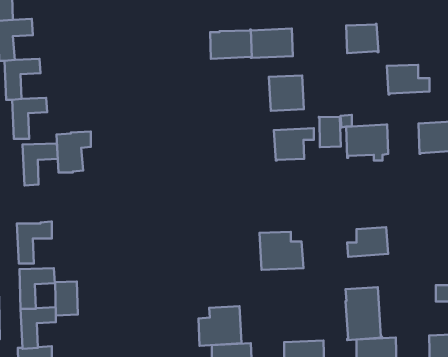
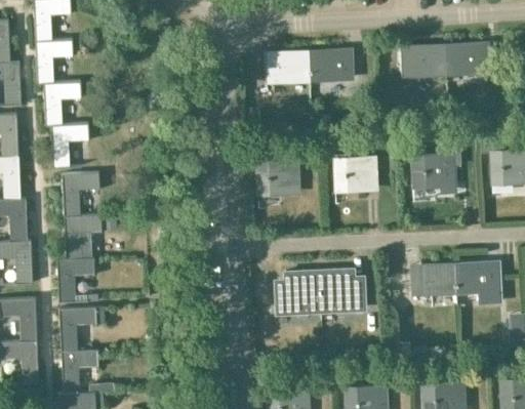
building: [387,65,430,94] -> [444,43,490,75]
building: [269,75,304,111] -> none
building: [319,117,341,147] -> none
building: none -> [255,160,298,197]
building: [56,132,91,172] -> [65,215,102,259]
building: none -> [454,262,499,302]
building: [55,281,78,315] -> none
building: [345,287,382,340] -> none
building: [199,306,241,346] -> [274,270,320,313]

